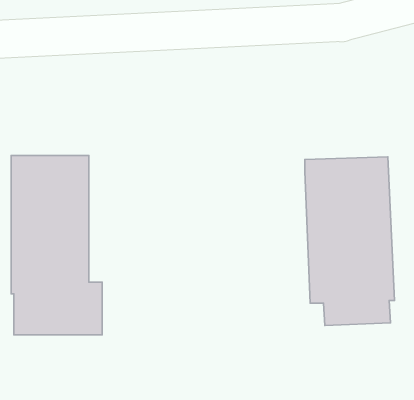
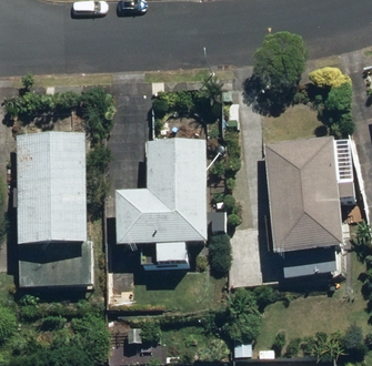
building: none -> [115,139,208,265]

